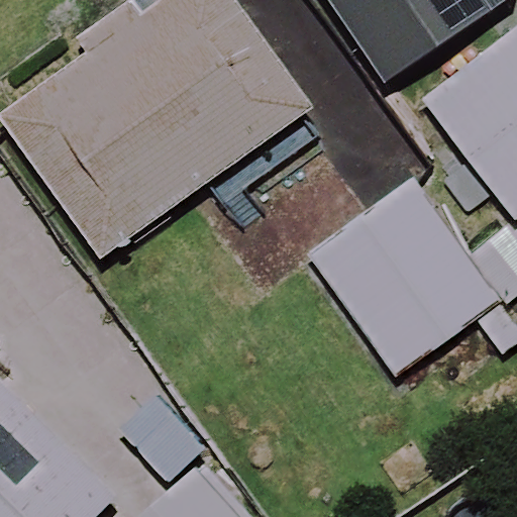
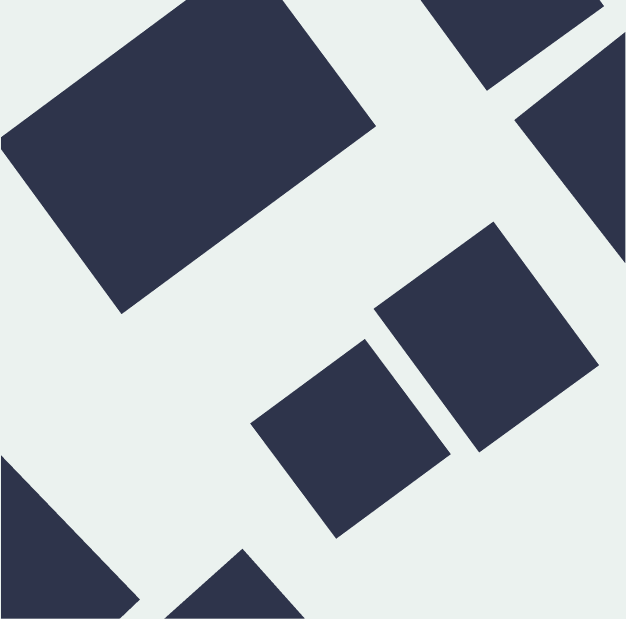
building: none -> [249,338,452,540]

